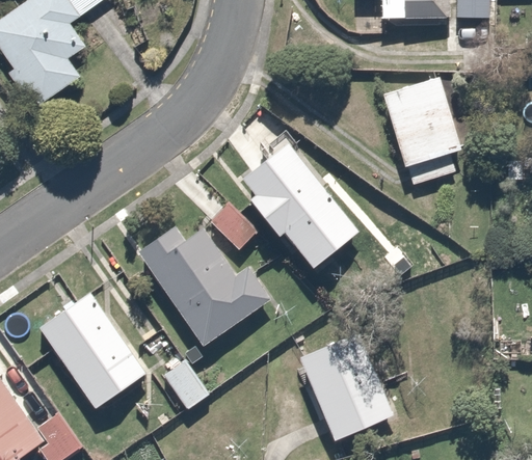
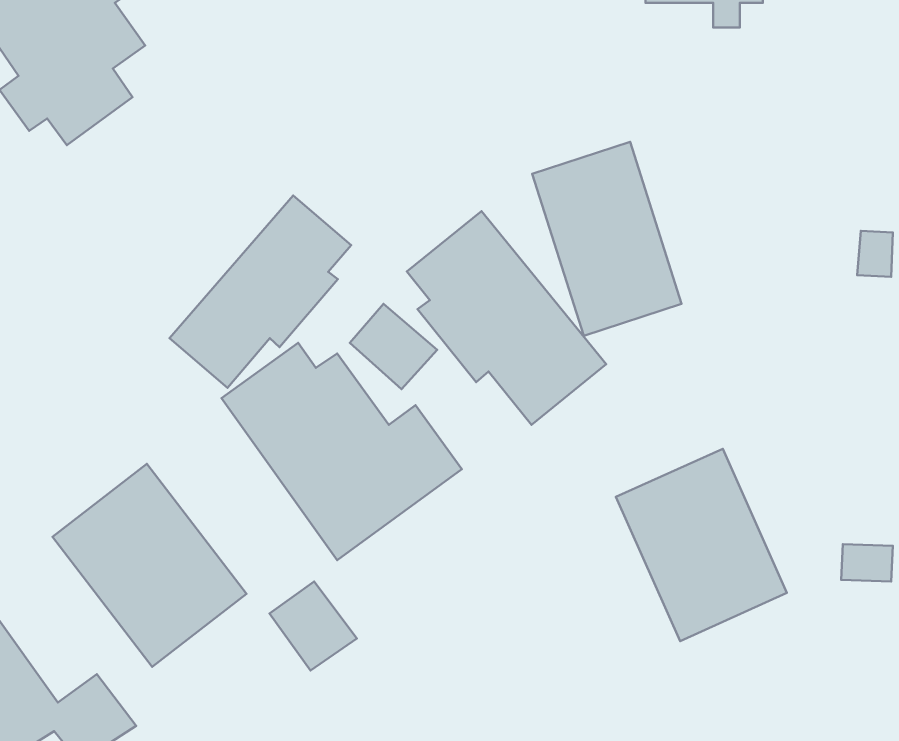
building: [382,74,470,187] -> [532,142,682,336]
building: none -> [170,195,351,388]
building: [295,330,395,442] -> [616,449,787,641]

